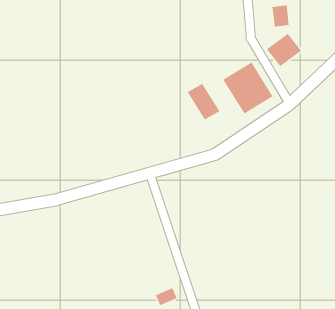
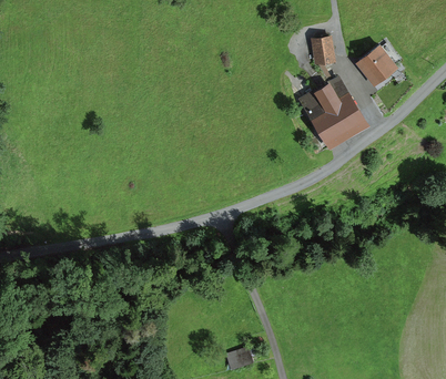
building: [271,5,289,27] -> [311,38,332,64]
building: [186,83,221,121] -> none

